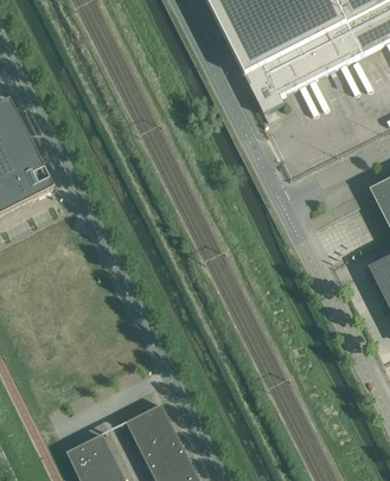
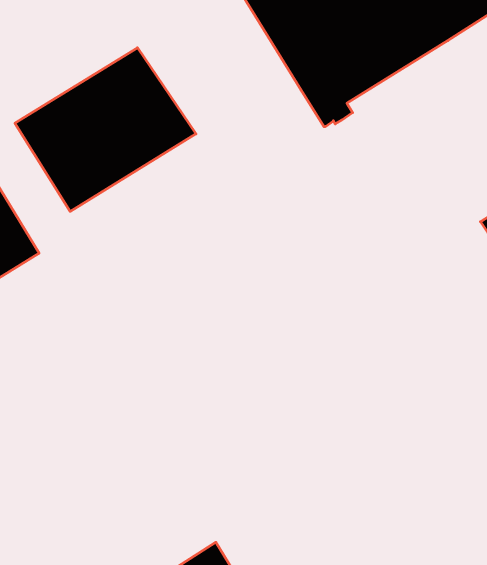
building: none -> [15,48,196,211]

